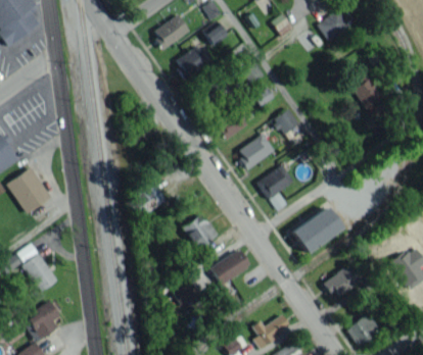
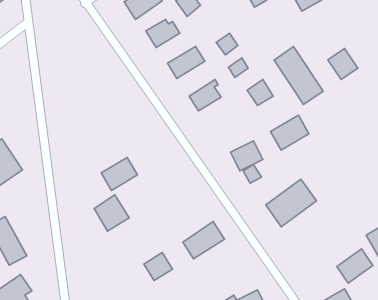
building: none -> [274,47,323,105]
building: [237,135,275,169] -> [271,115,309,150]
building: [183,214,218,250] -> [94,195,129,231]
building: [325,265,361,299] -> [337,249,373,283]

